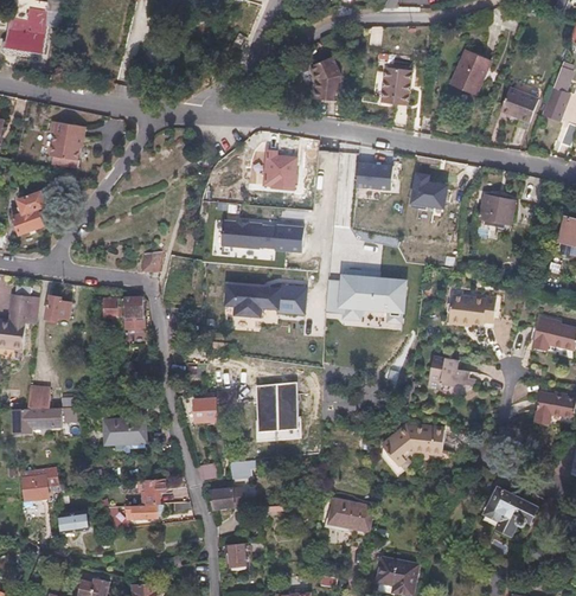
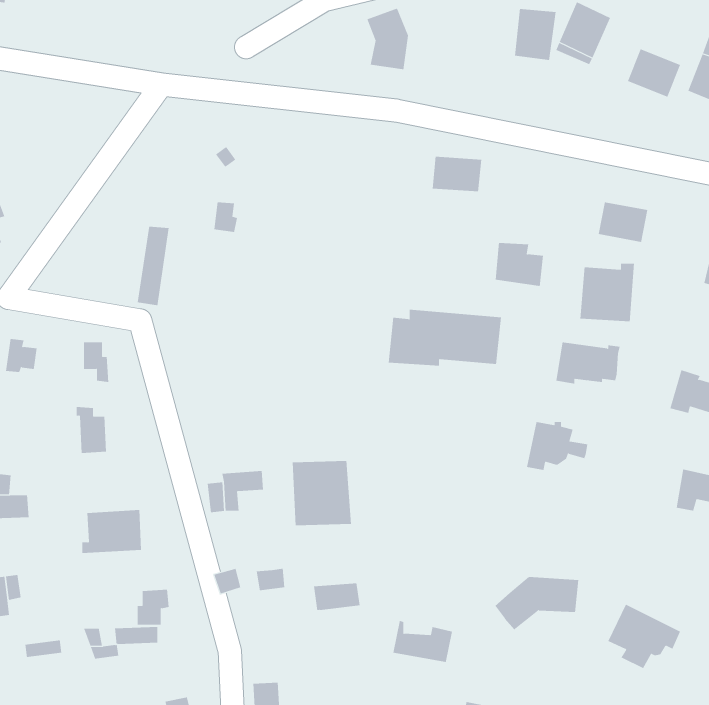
building: [377,62,408,100] -> [514,9,556,61]
building: [50,122,85,169] -> none
building: [263,150,297,190] -> none
building: [412,178,448,210] -> [495,242,544,286]
building: [217,213,305,254] -> none
building: none -> [580,263,634,322]
building: [225,277,306,318] -> none
building: [121,290,143,325] -> [76,406,107,454]
building: [383,425,444,464] -> [494,577,579,630]
building: [211,488,245,508] -> [313,583,361,610]

